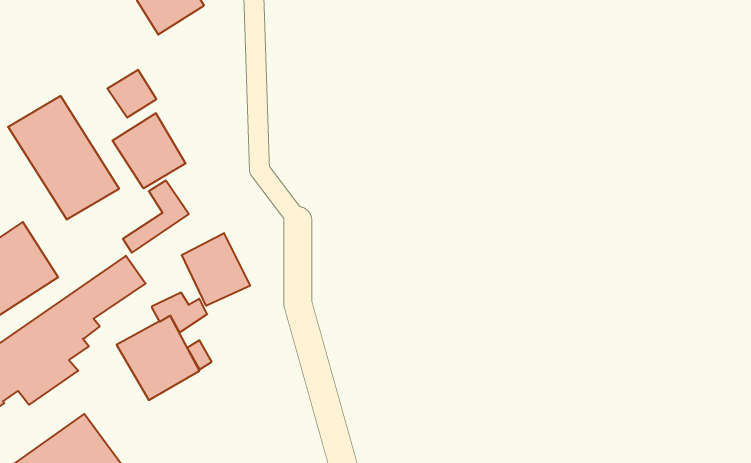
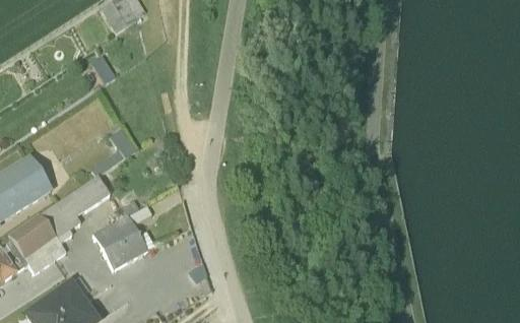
building: [8,96,119,220] -> none
building: [113,113,186,188] -> none
building: [182,233,250,306] -> none

